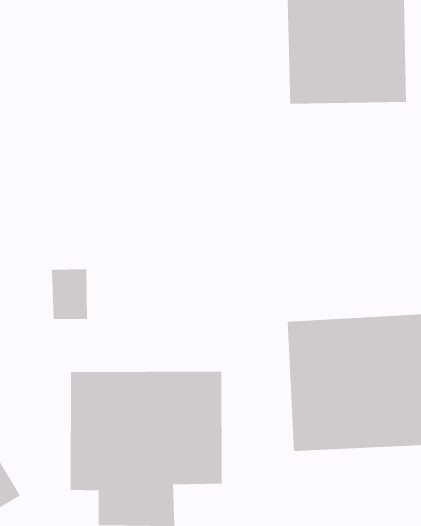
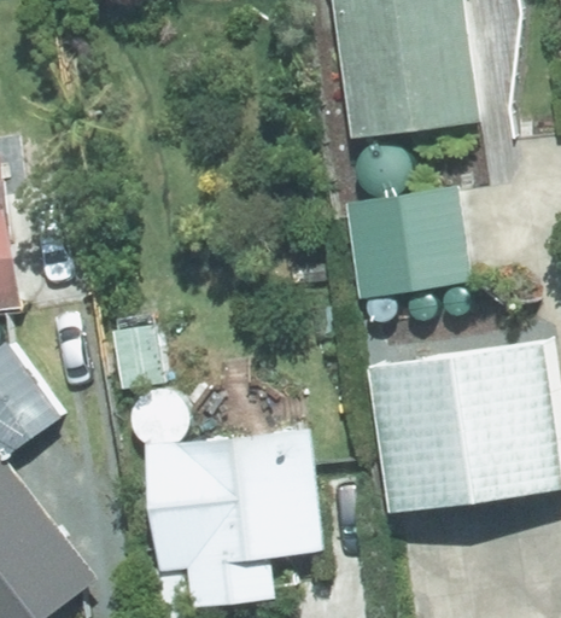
building: none -> [347,190,469,297]

